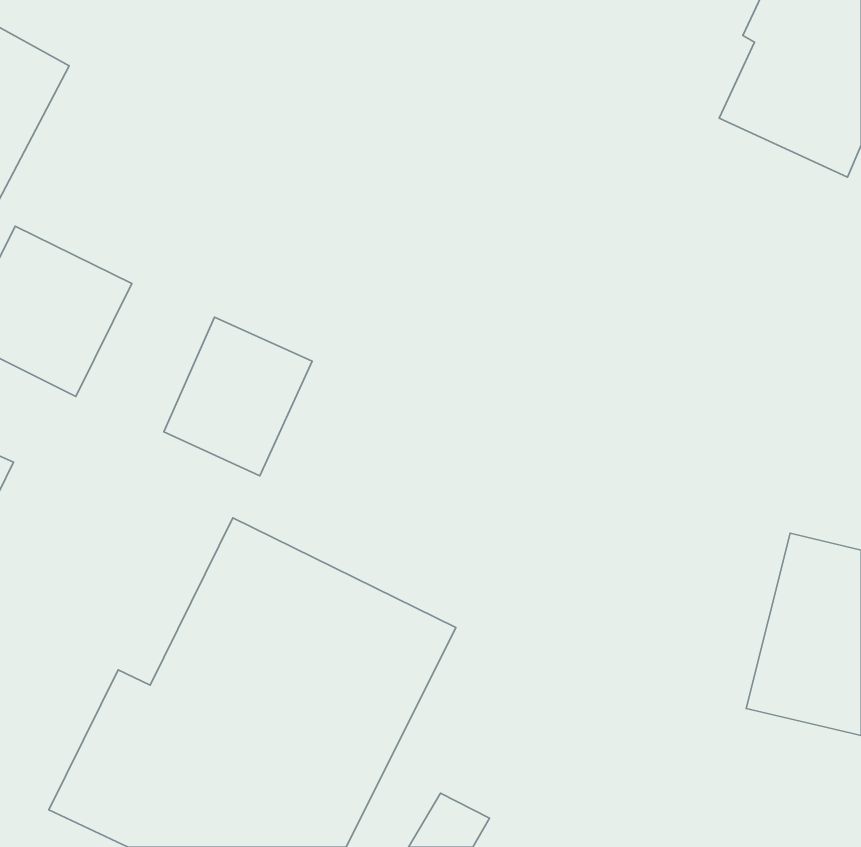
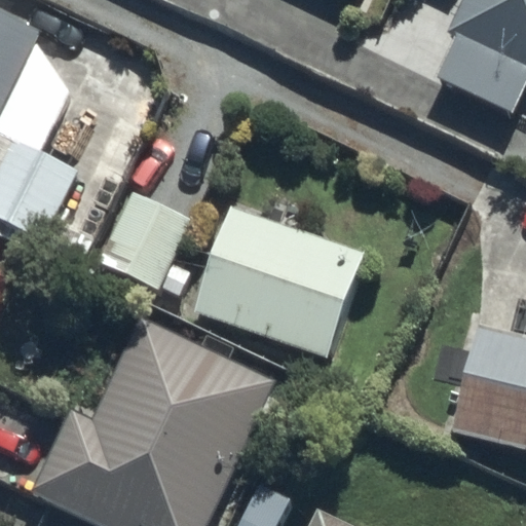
building: none -> [193,205,367,362]

